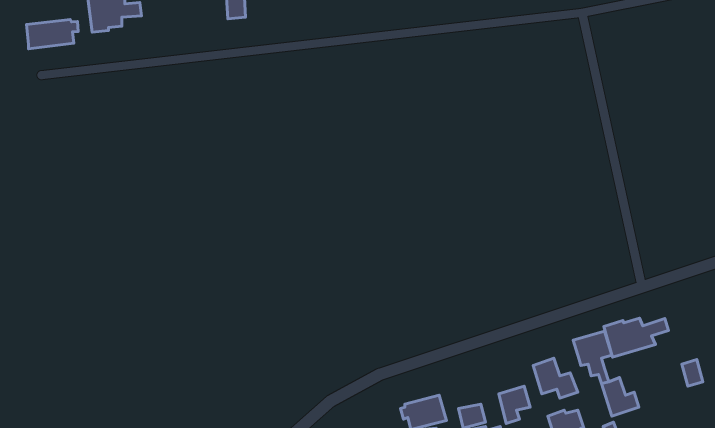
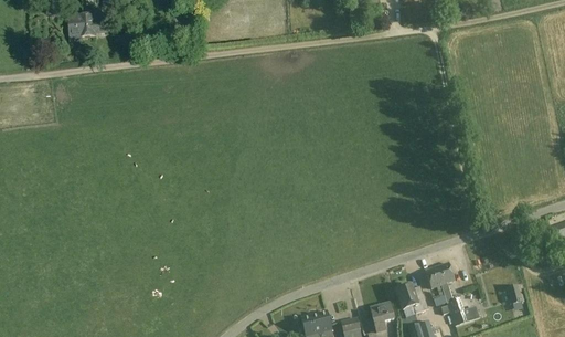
building: [27,19,78,49] -> none
building: [604,318,669,357] -> none

